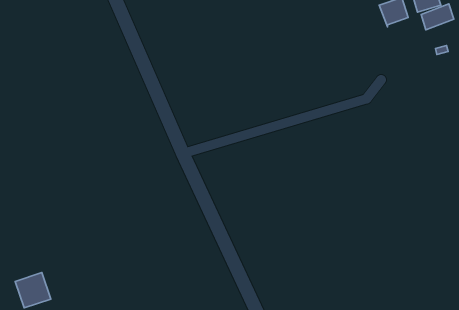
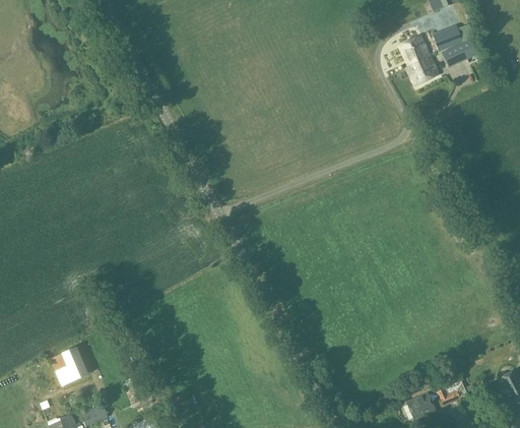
building: none -> [408,55,440,85]

